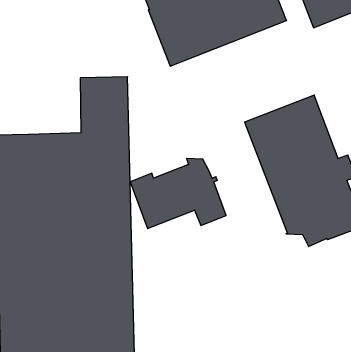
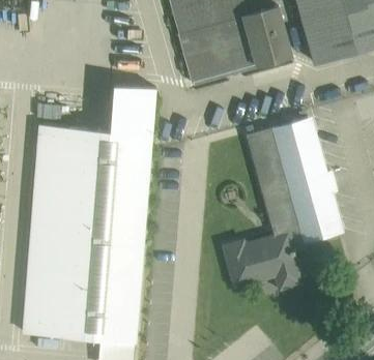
building: [130,158,226,229] -> [224,233,300,290]

